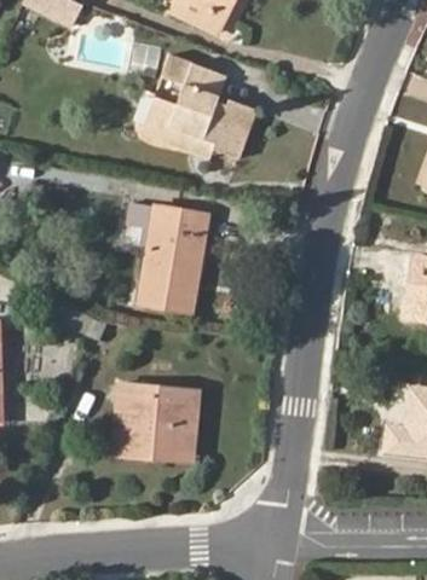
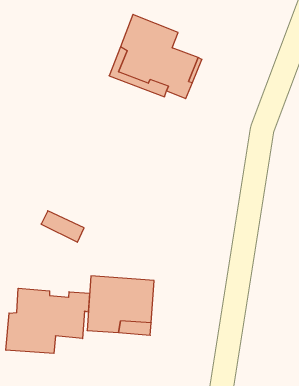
building: [139,208,206,311] -> none
building: none -> [6,288,89,353]

